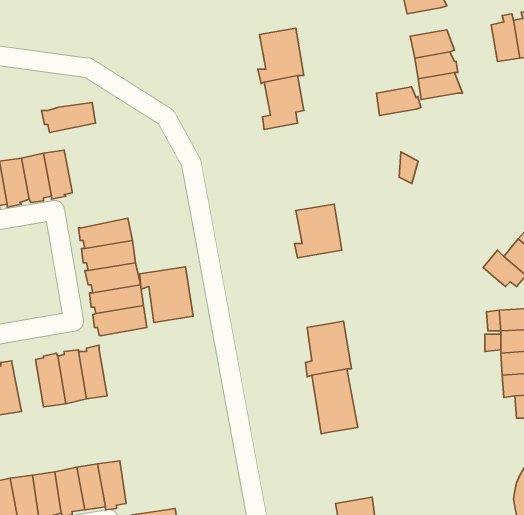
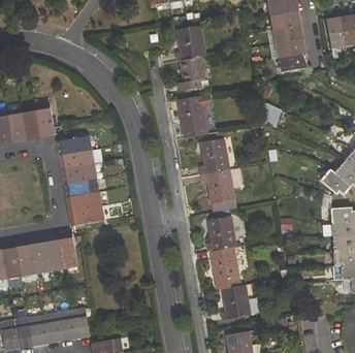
building: [376,87,421,115] -> [271,12,300,31]
building: [41,102,95,133] -> [55,136,90,156]
building: none -> [176,97,207,138]
building: none -> [200,170,235,212]
building: [139,267,193,322] -> none
building: none -> [14,240,35,276]
building: none -> [220,285,250,320]

